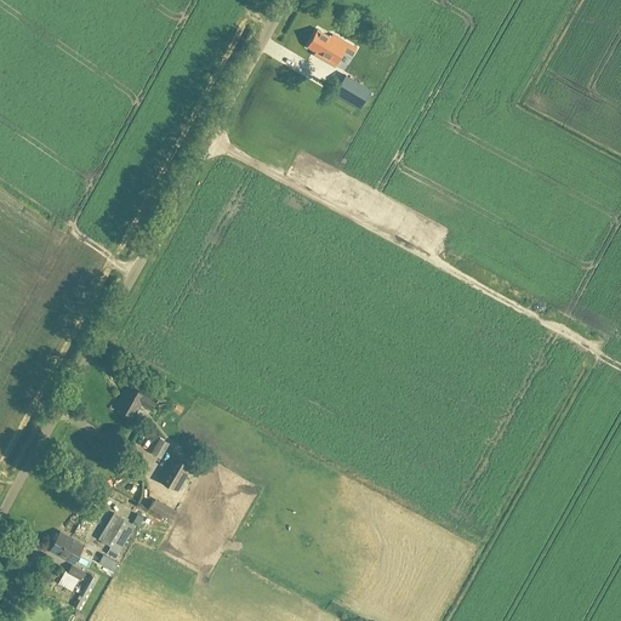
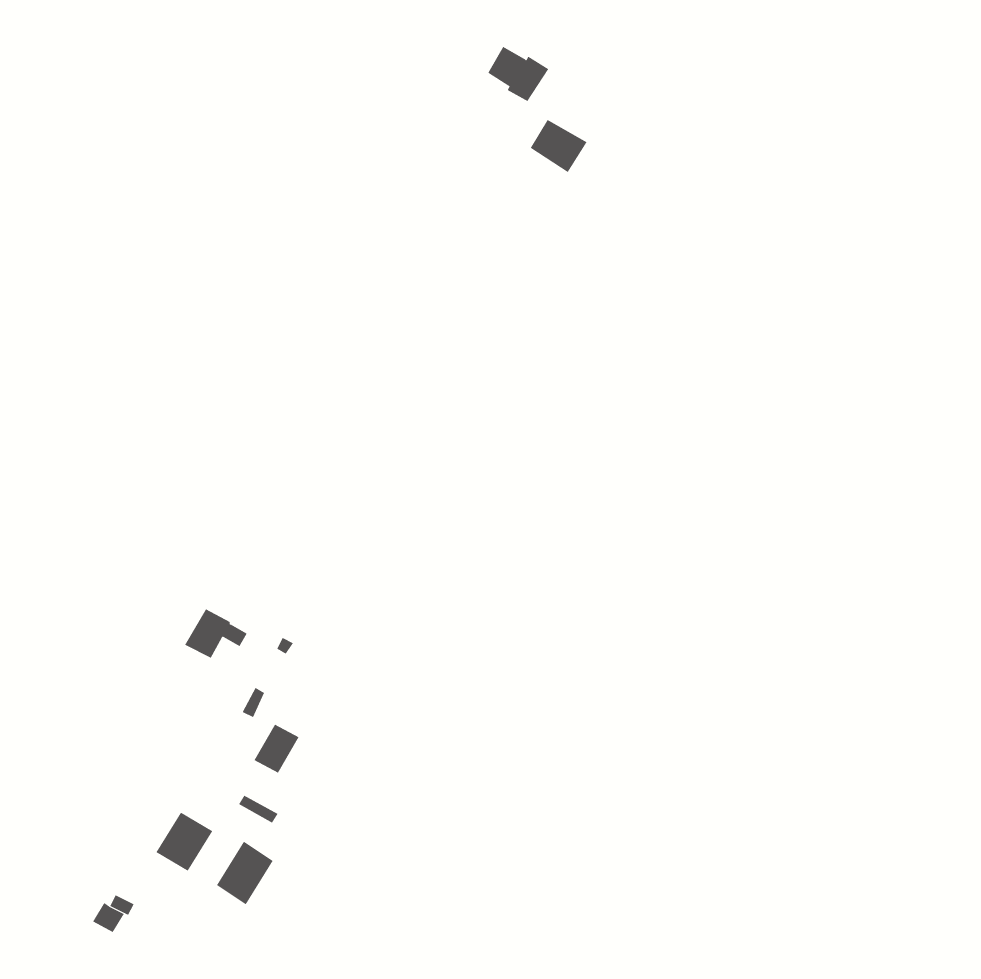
building: [51,532,84,564] -> none
building: none -> [216,841,274,905]

